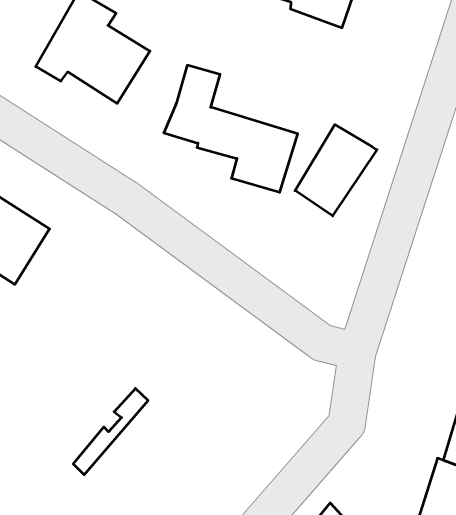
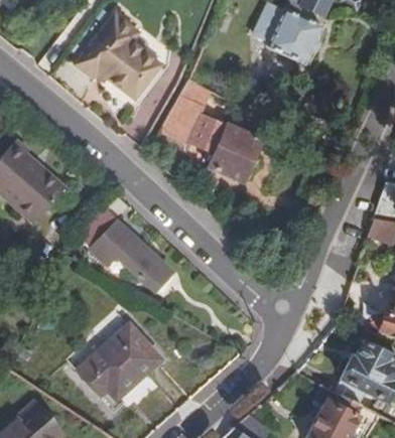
building: [295,125,377,216] -> none
building: none -> [80,206,176,293]
building: none -> [85,326,159,395]

